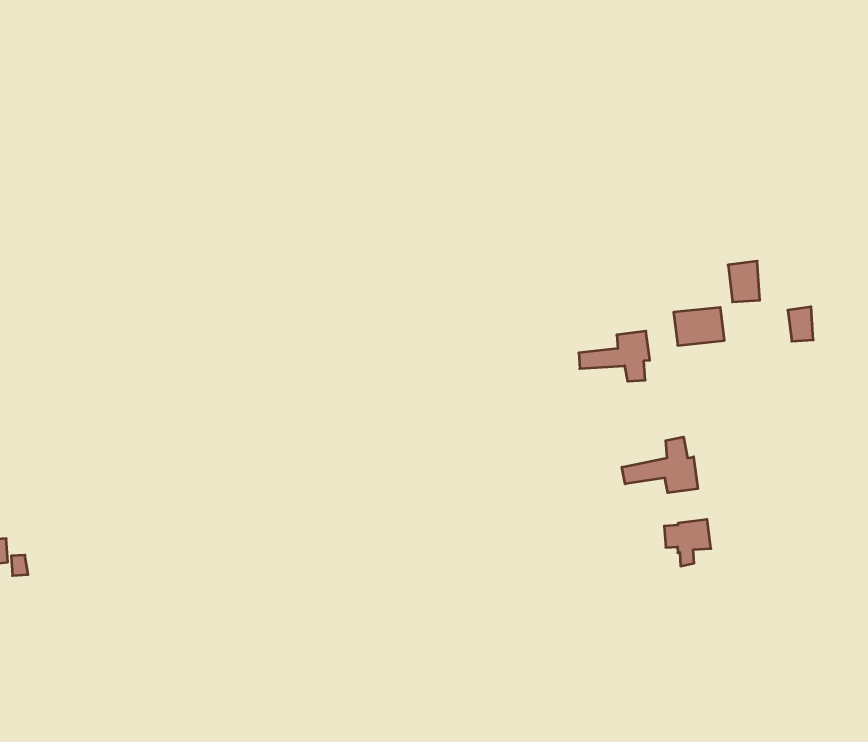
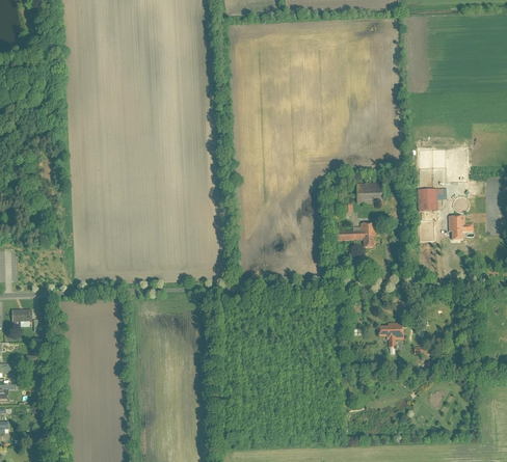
building: [674,307,724,345] -> [355,184,381,202]
building: [622,437,698,493] -> none

